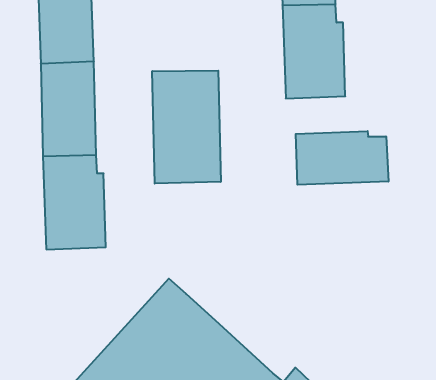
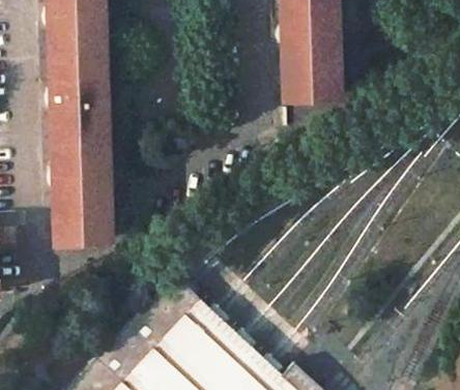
building: [152,71,221,184] -> none
building: [296,131,388,185] -> none

